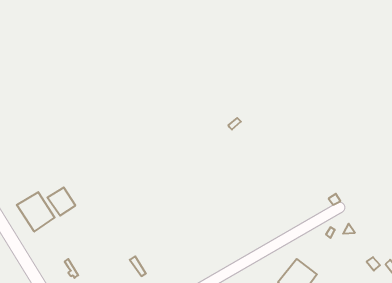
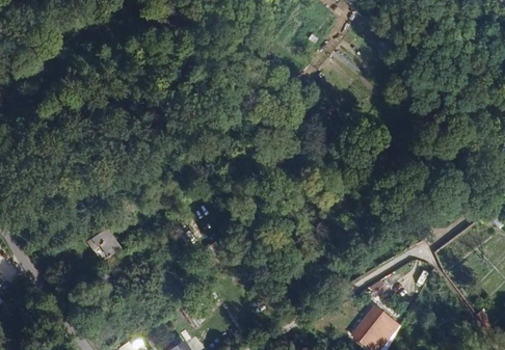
building: [17,192,55,232] -> none

